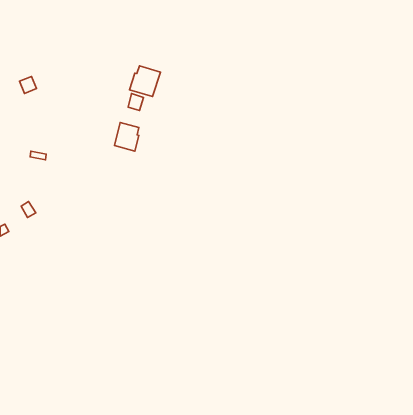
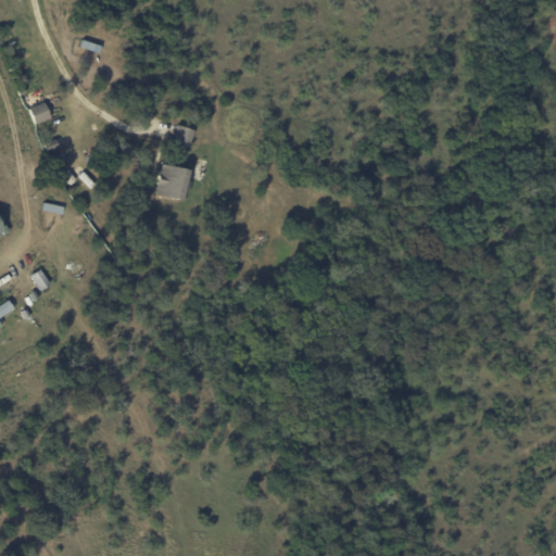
building: [130,66,160,96] -> none

